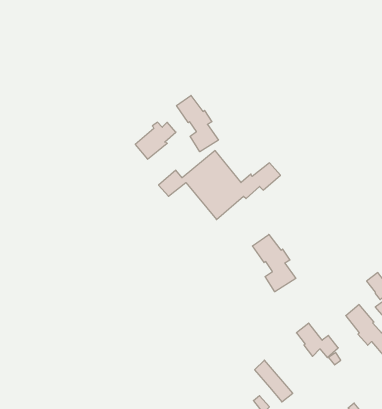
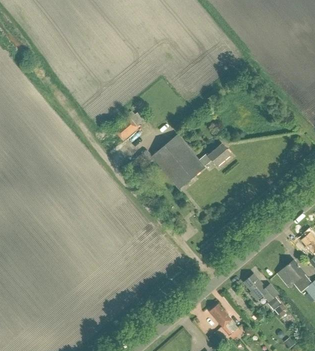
building: [177,95,218,152] -> none
building: [252,234,296,292] -> none

